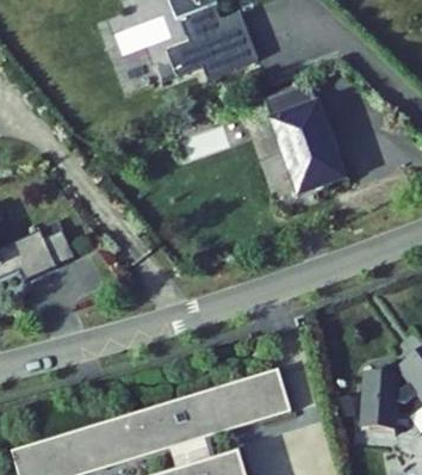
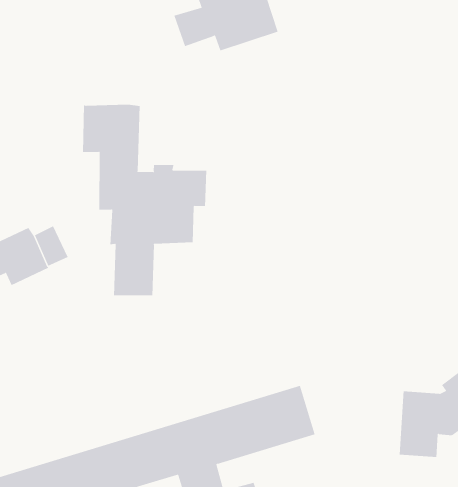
building: [266,84,342,192] -> none
building: none -> [82,104,207,296]

